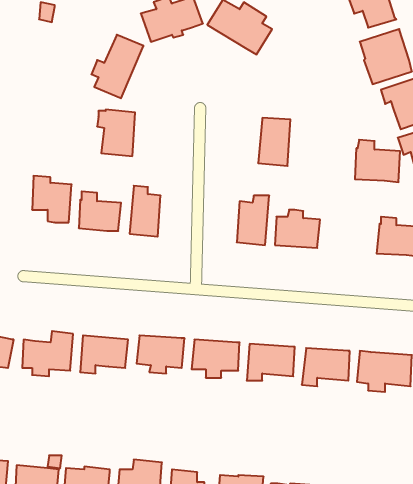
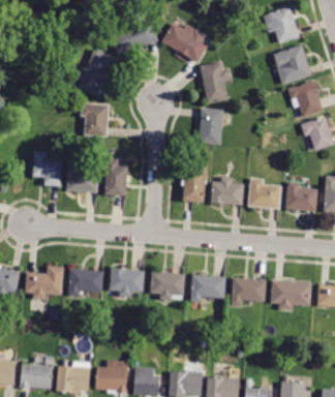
building: none -> [200,62,230,103]
building: [355,140,400,182] -> [248,178,281,209]

